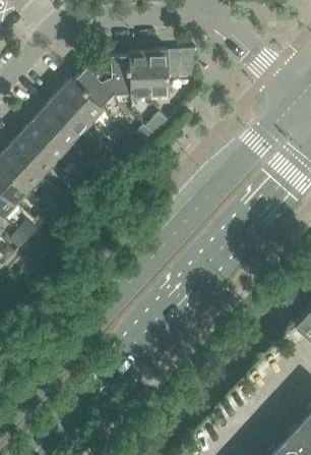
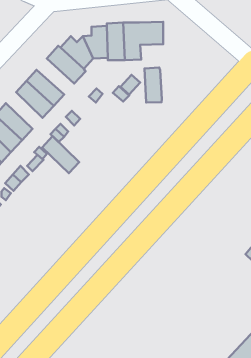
building: [45,94,89,136] -> none
building: none -> [145,68,162,102]
building: [8,133,52,177] -> [42,136,79,173]

